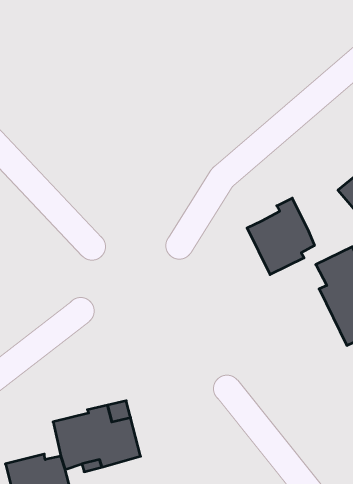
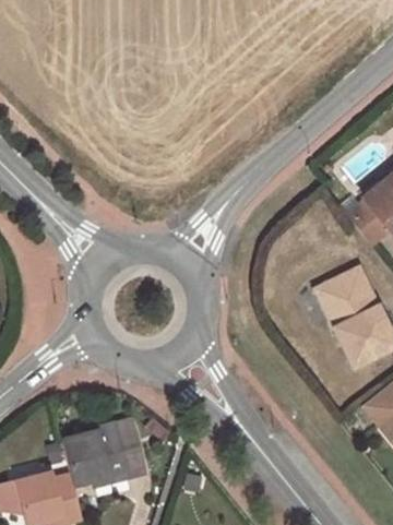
building: [247,198,314,275] -> none

